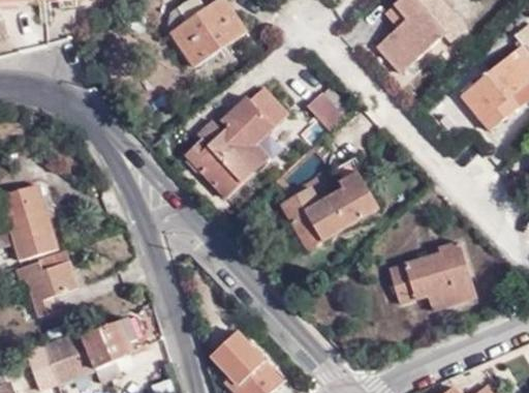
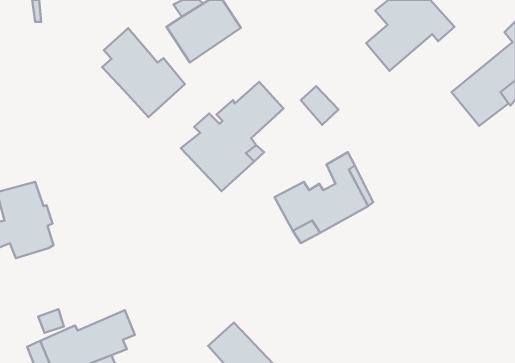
building: none -> [102,28,185,117]
building: [388,239,475,309] -> none
building: [14,254,79,319] -> none

